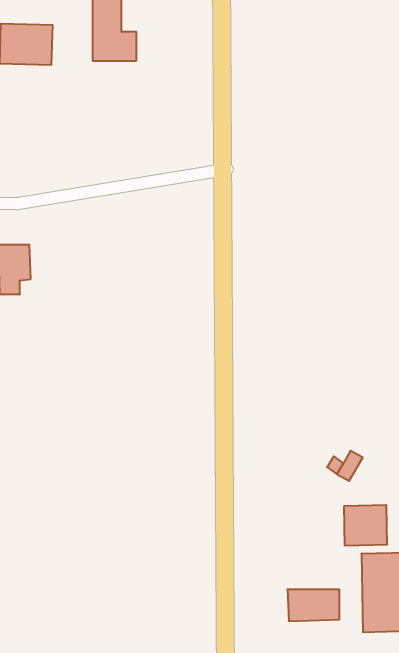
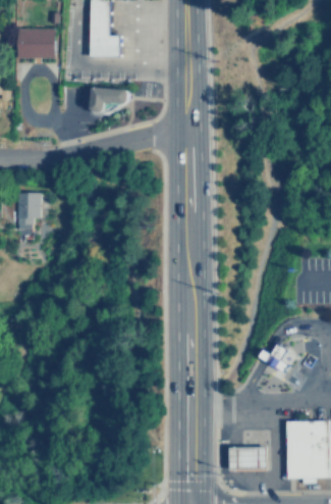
building: none -> [93,88,129,111]
building: [344,505,387,546] -> none

